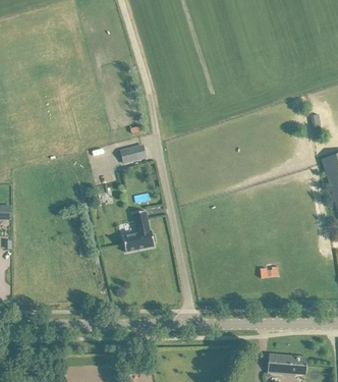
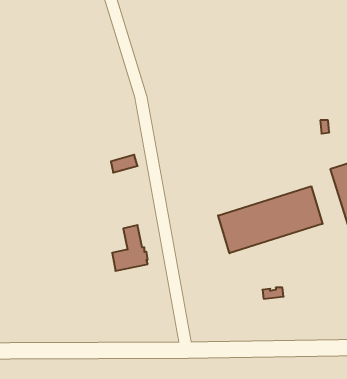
building: none -> [218,186,323,253]

